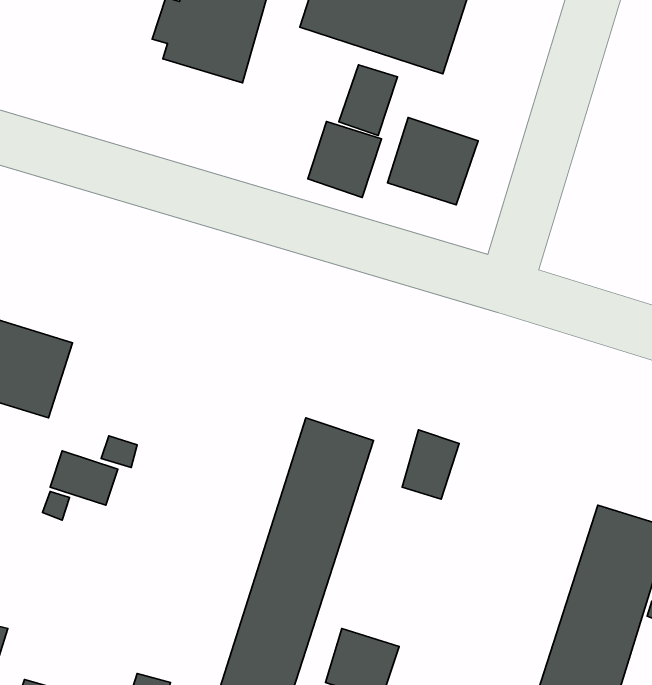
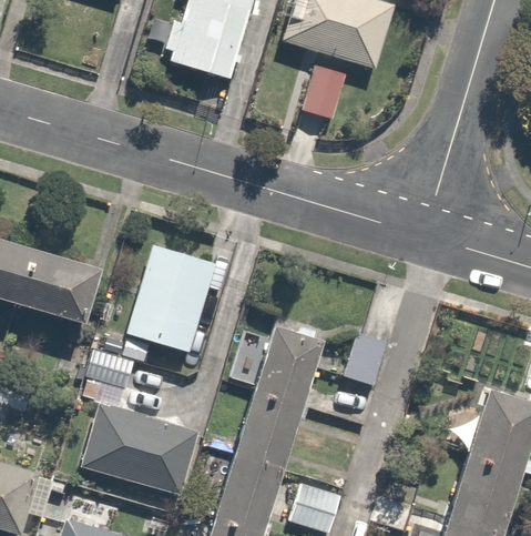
building: [388,118,478,205] -> none
building: [308,121,382,197] -> none
building: none -> [126,245,216,353]
building: none -> [81,404,201,496]

